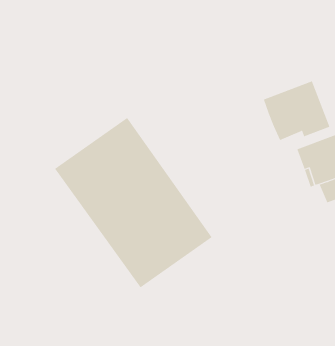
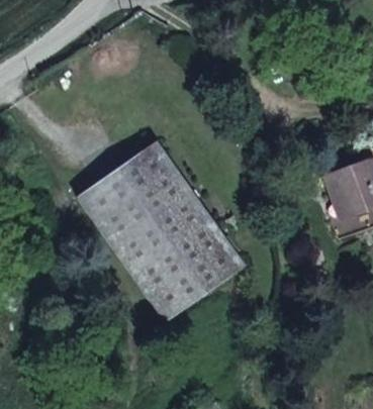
building: [263,81,330,141] -> none

